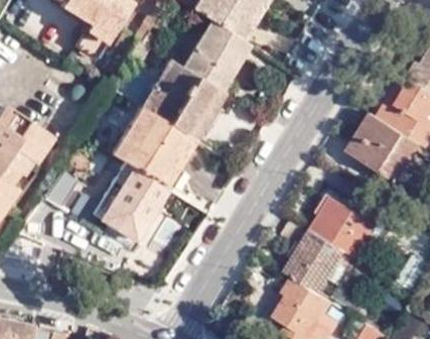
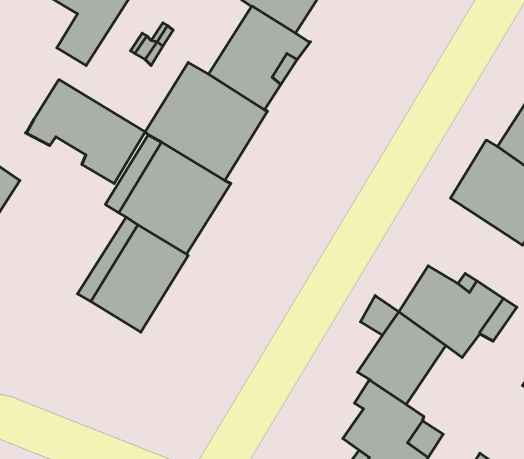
building: none -> [25,80,145,184]

